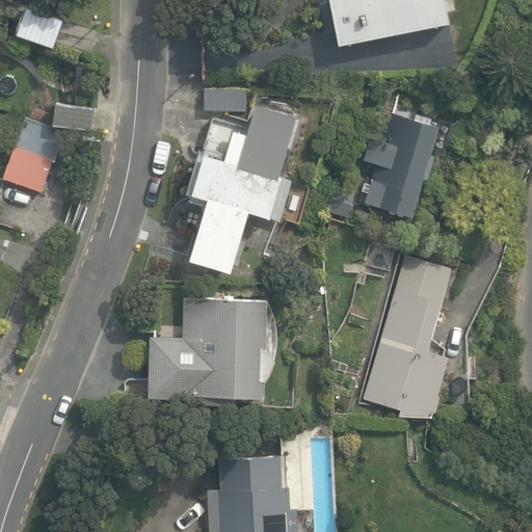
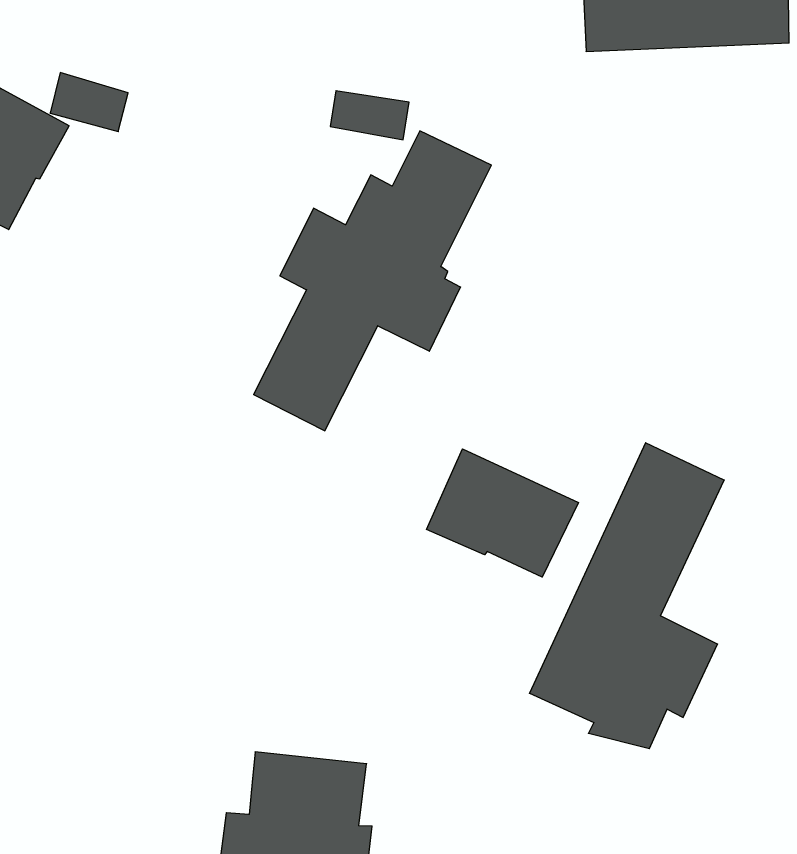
building: [364,111,437,216] -> none
building: none -> [426,449,578,577]
building: [148,298,275,405] -> none

